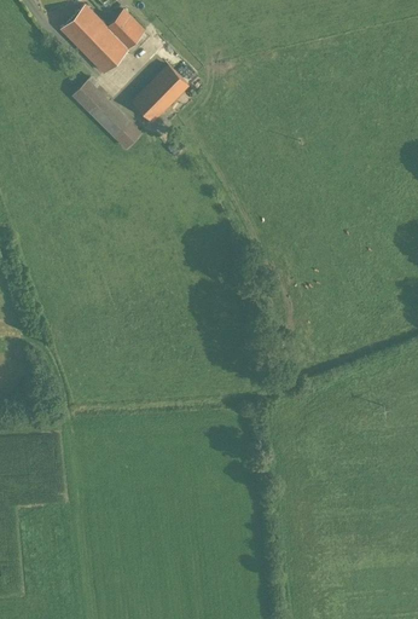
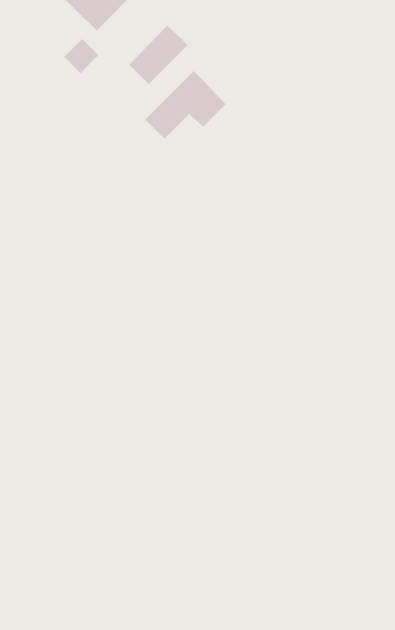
building: [89,97,129,137] -> none
building: none -> [144,70,227,139]

